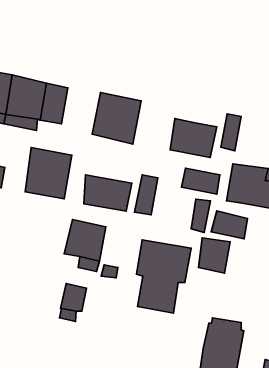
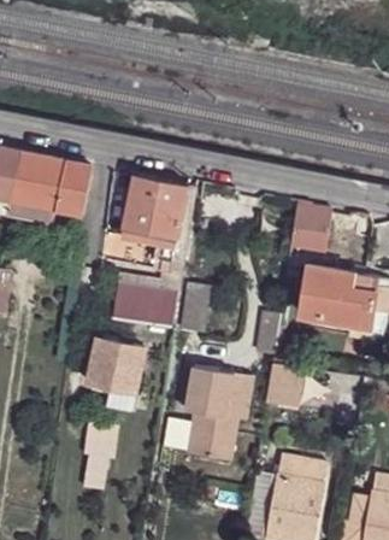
building: [170,119,217,157] -> none
building: [25,147,72,199] -> none
building: [182,168,220,194] -> none
building: [211,211,247,239] -> none

